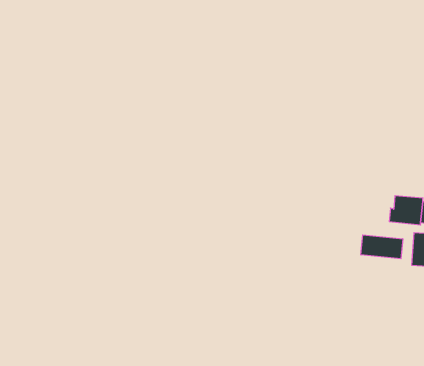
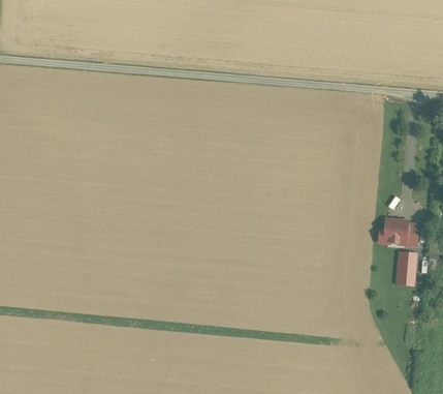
building: [361,235,403,259] -> none

